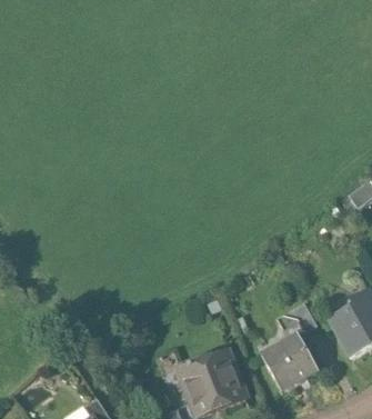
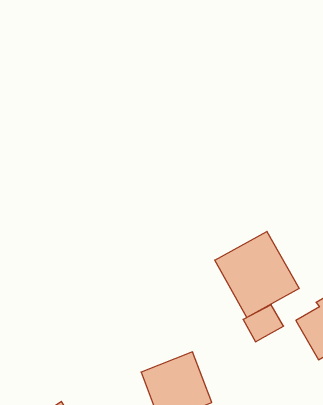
building: none -> [215,231,299,317]
building: [262,333,318,389] -> none

